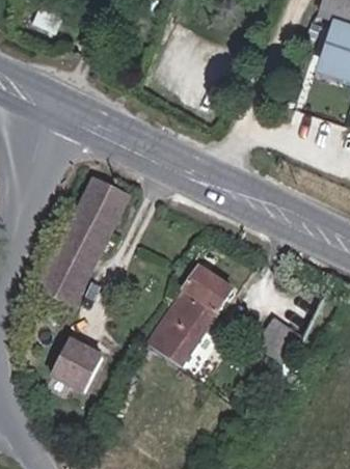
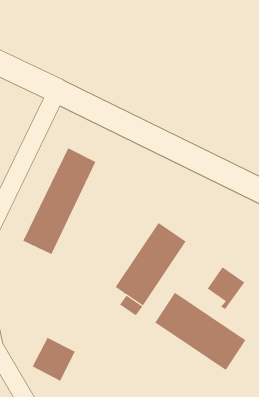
building: [52,337,103,389] -> [32,337,75,382]
building: none -> [155,292,246,371]

